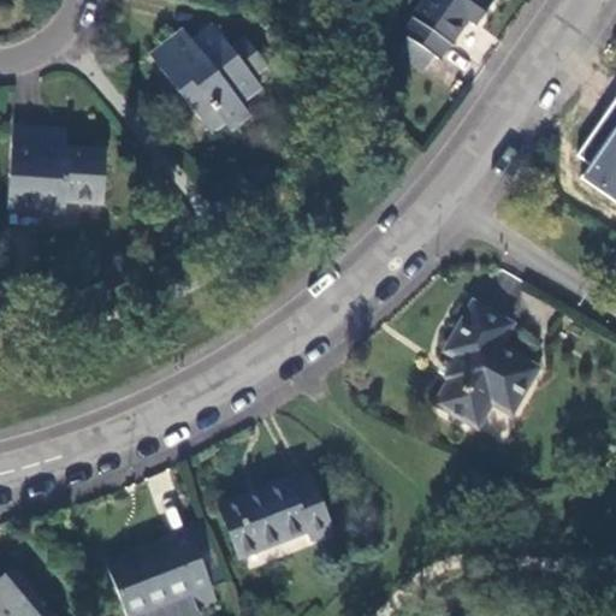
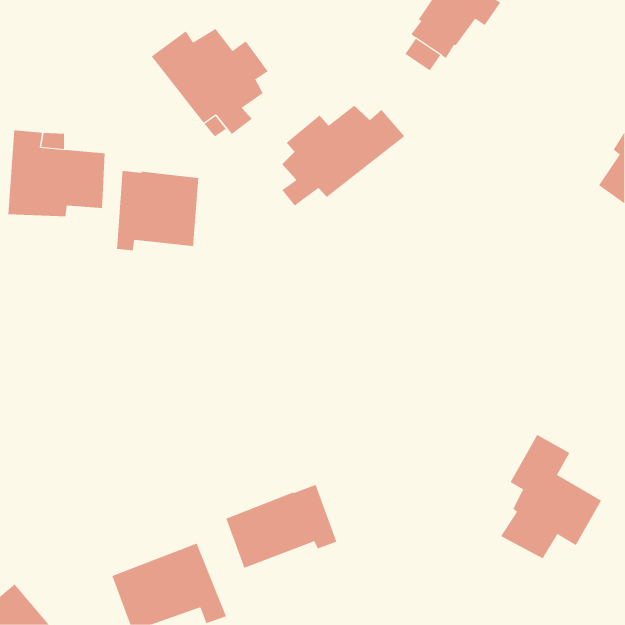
building: none -> [281,105,405,207]
building: none -> [116,170,199,251]
building: [437,309,537,432] -> [500,434,602,559]

